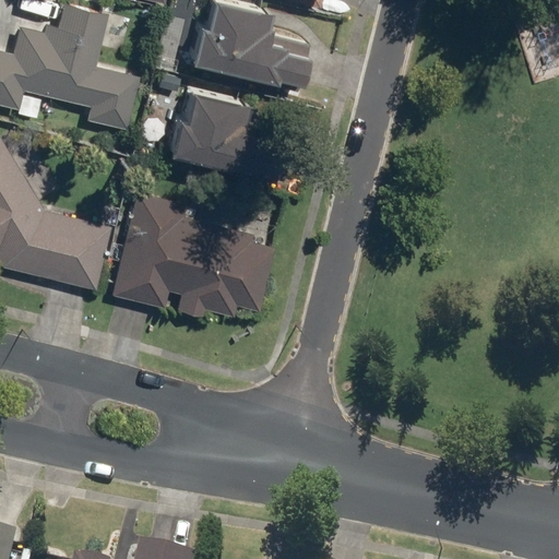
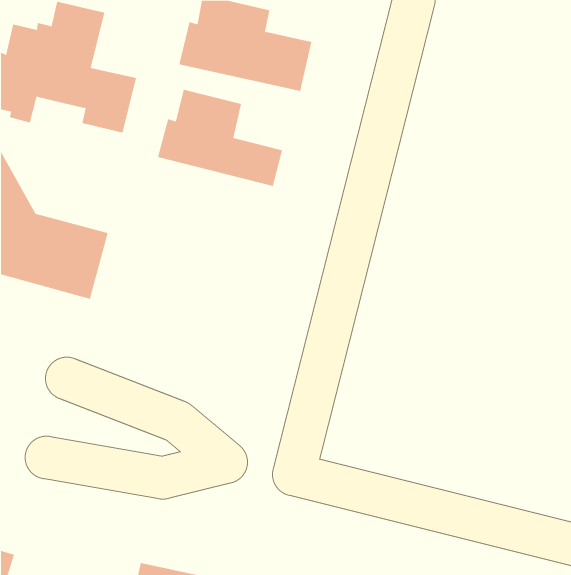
building: [109,192,274,319] -> none

